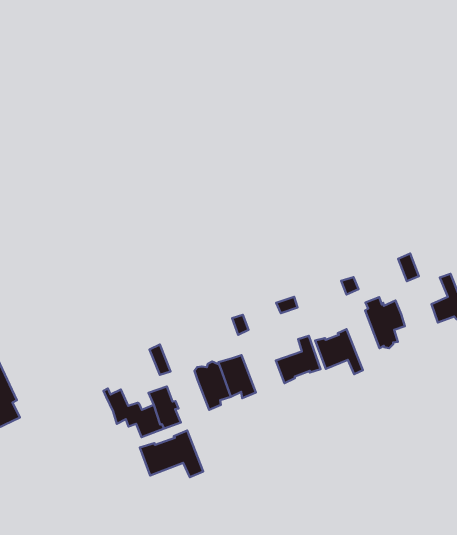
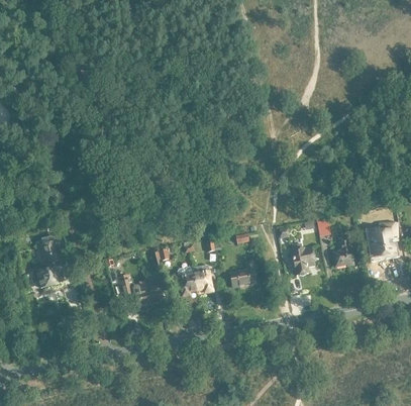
building: [315,329,363,374] -> none
building: [140,430,203,477] -> none

